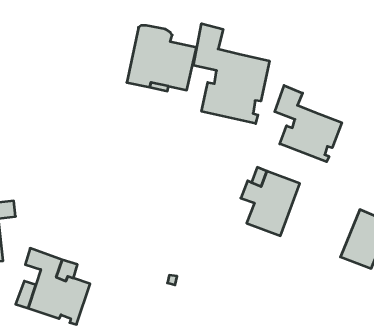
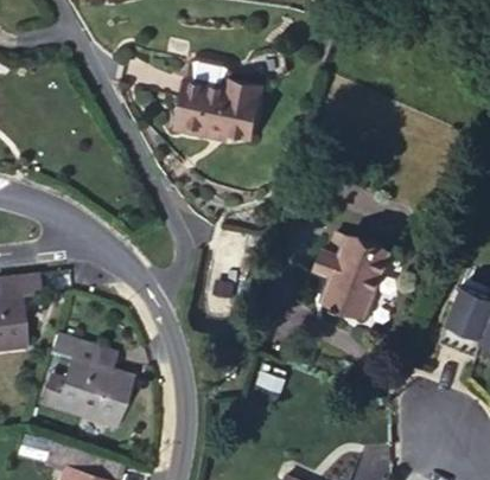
building: [193,24,269,124] -> none
building: [275,85,342,162] -> none

